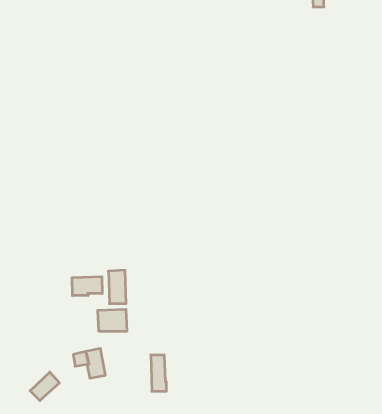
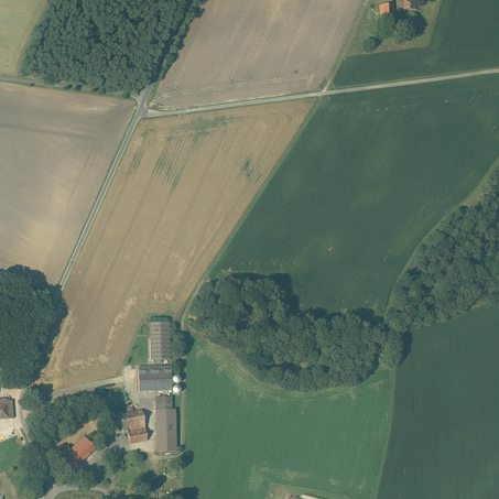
building: [72,277,102,296] -> none
building: [151,355,166,391] -> [155,397,173,437]

